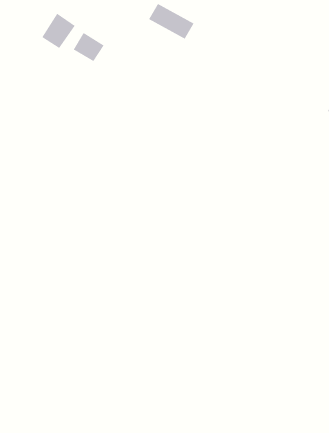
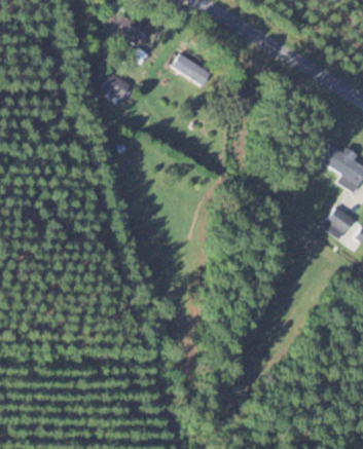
building: [41,13,75,49] -> none

